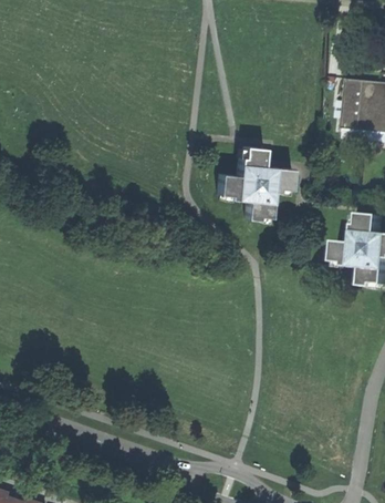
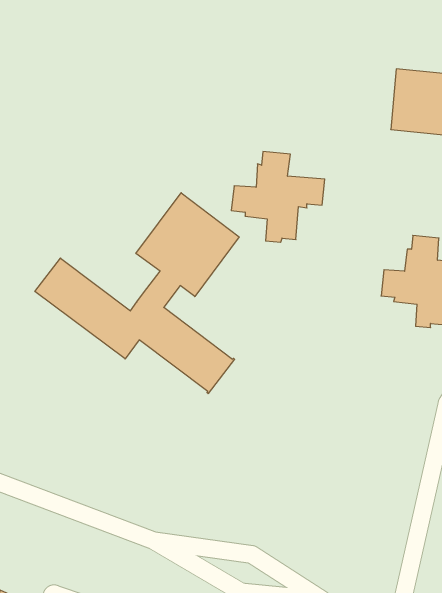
building: none -> [35,193,239,394]

